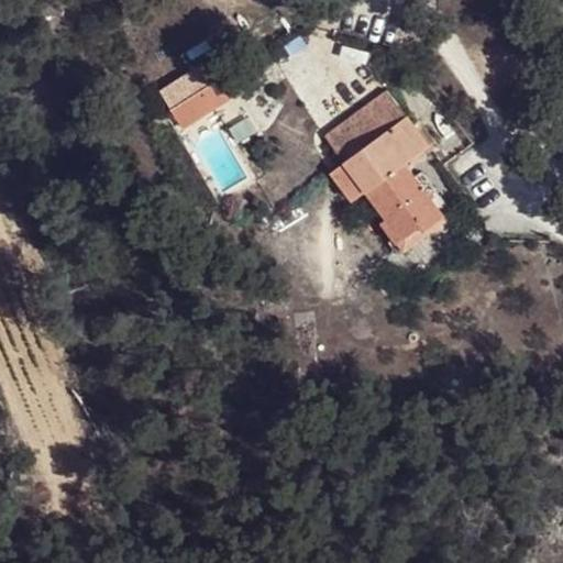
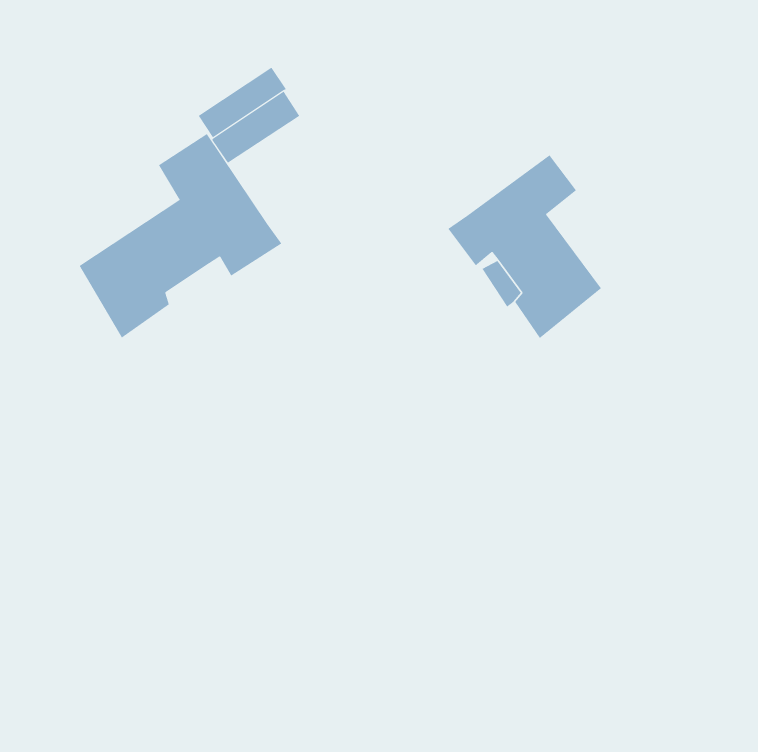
building: [325,92,408,165] -> none
building: none -> [79,133,282,339]

